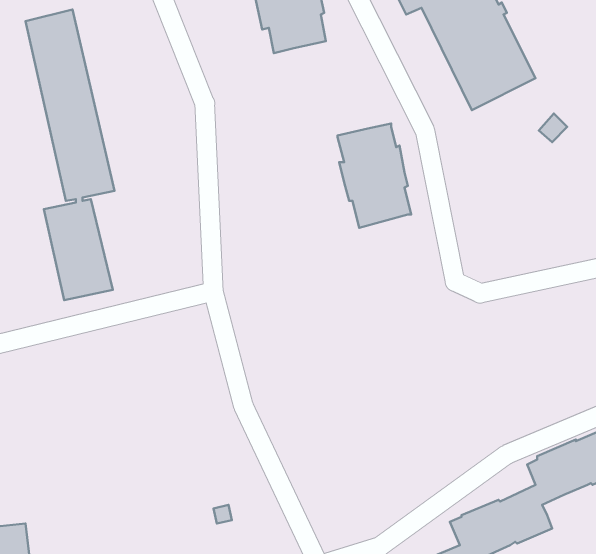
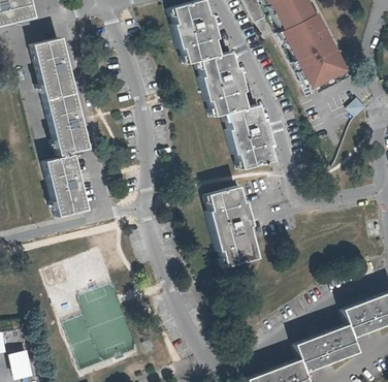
building: none -> [198,52,244,114]
building: none -> [204,186,255,266]

